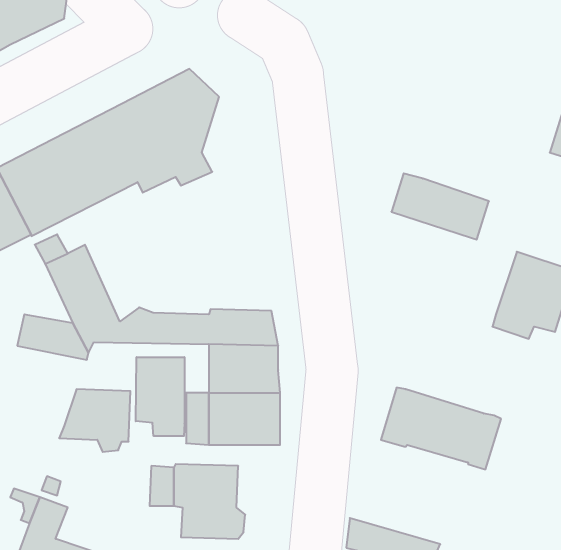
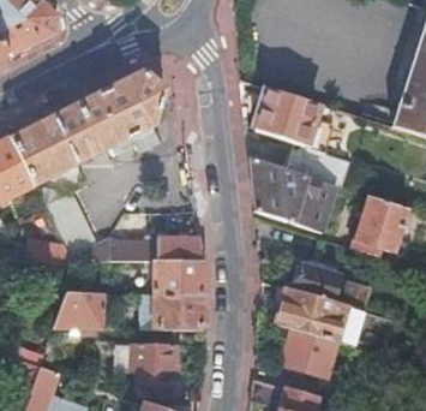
building: none -> [256,89,323,145]
building: none -> [250,157,338,232]
building: none -> [293,266,365,310]
building: [136,357,184,436] -> none
building: none -> [283,329,336,375]

